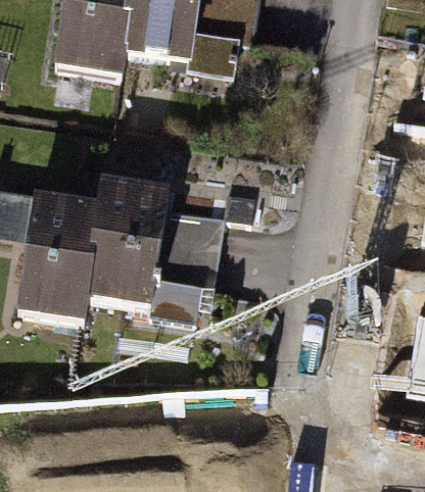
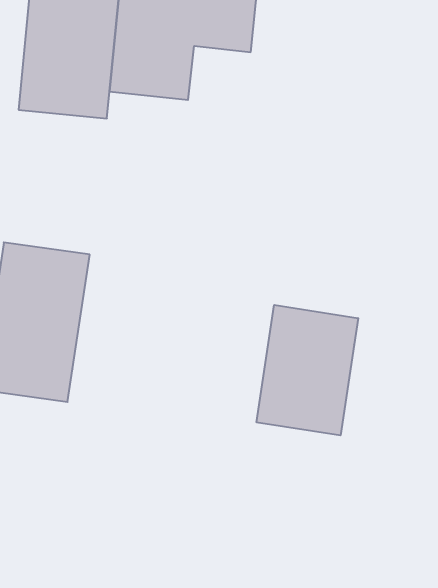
building: [101,186,227,315] -> none
building: none -> [257,305,358,435]

